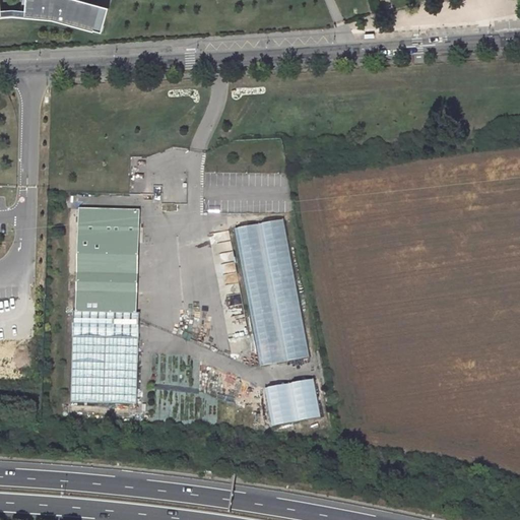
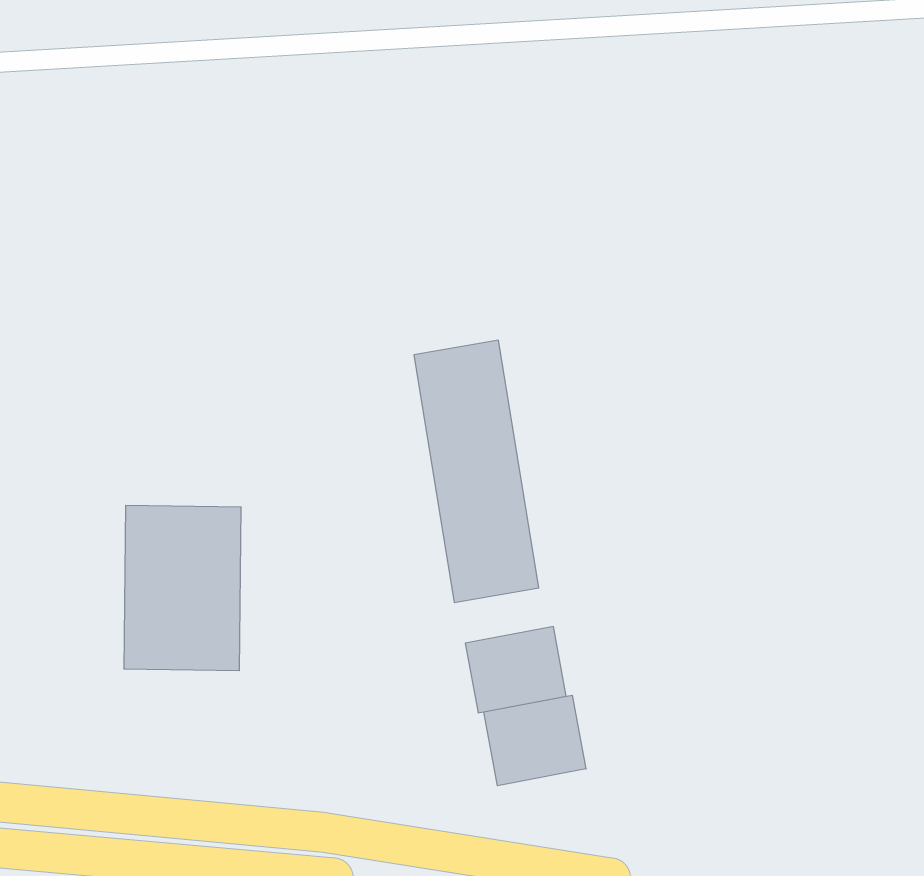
building: [75,206,141,312] -> none
building: none -> [484,695,586,786]

